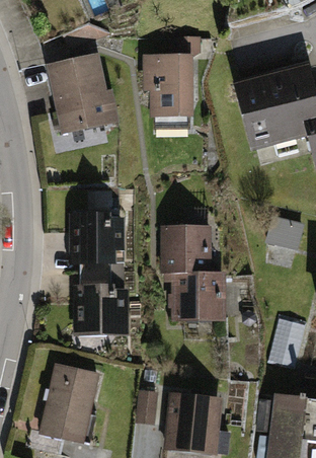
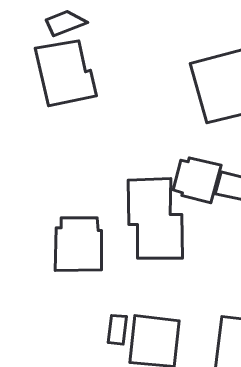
building: [144,37,202,121] -> none
building: none -> [173,158,221,203]
building: [69,209,127,272] -> none
building: [37,362,99,441] -> none

